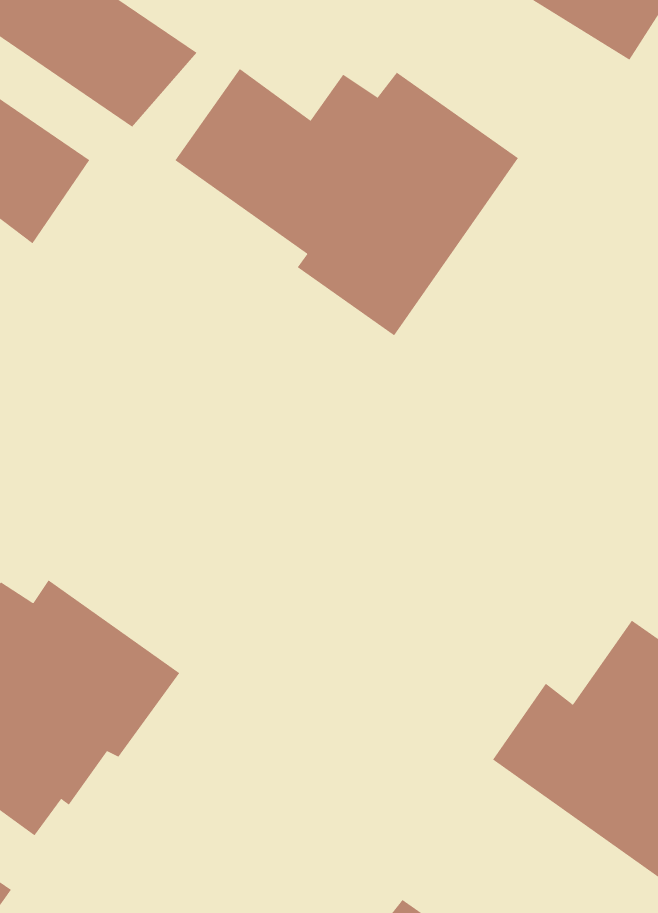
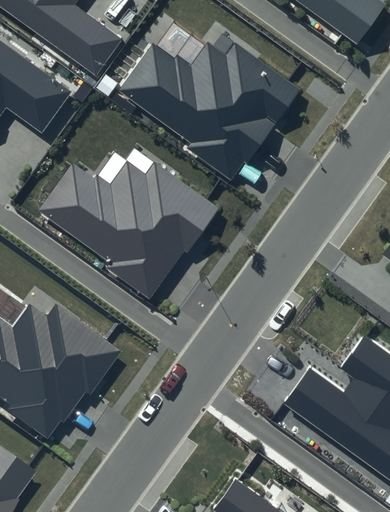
building: none -> [36,150,213,294]

